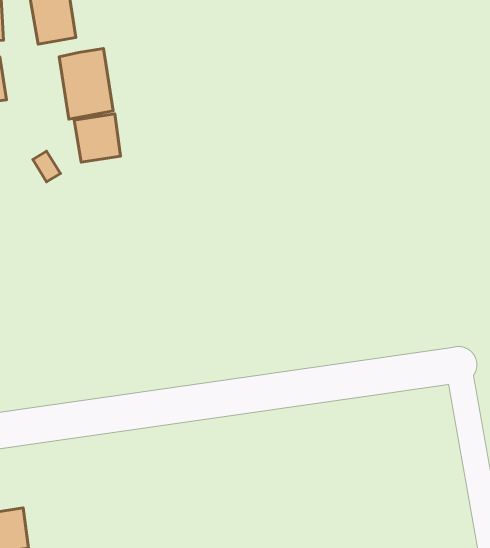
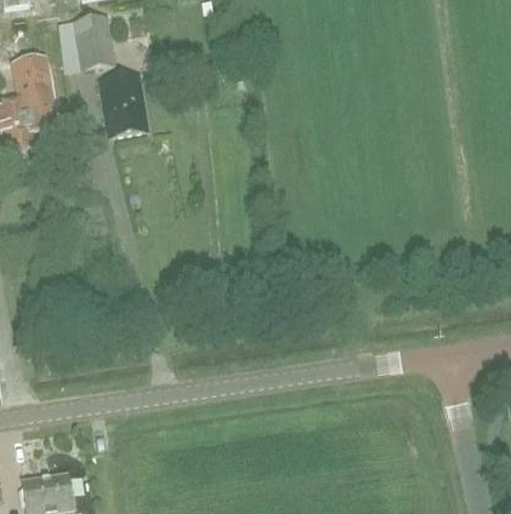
building: [74,114,120,162] -> none

